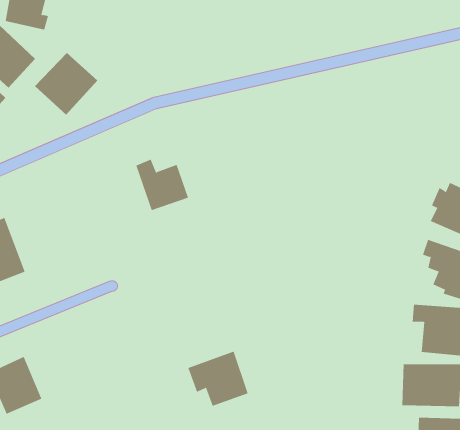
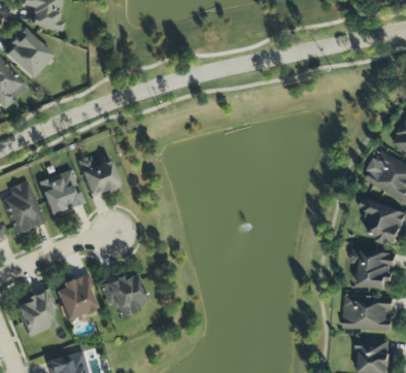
building: [34,52,98,116] -> none
building: [136,159,189,211] -> [78,156,121,197]
building: none -> [39,169,84,214]
building: none -> [55,274,99,321]
building: [188,351,248,407] -> [101,272,149,316]

